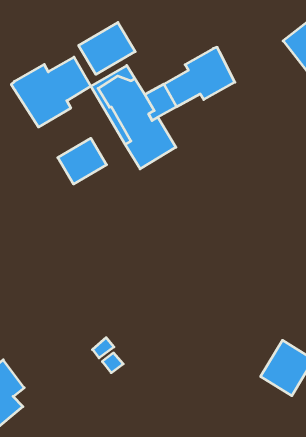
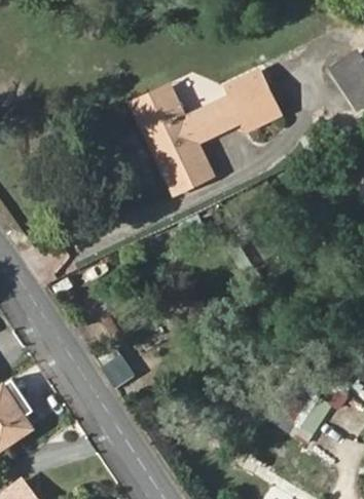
building: [79,22,135,74] -> none
building: [11,57,91,127] -> none
building: [58,138,107,184] -> none

